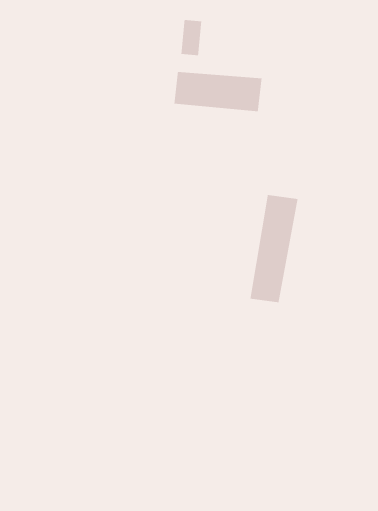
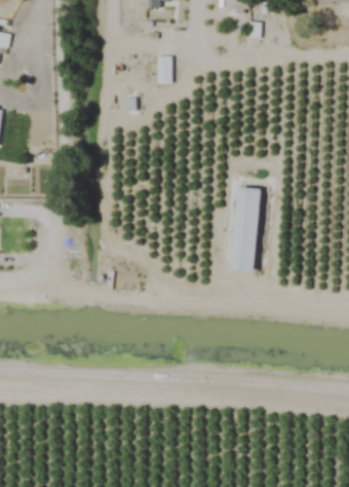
building: [173,71,263,112] -> none

